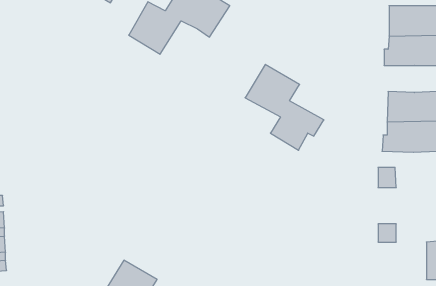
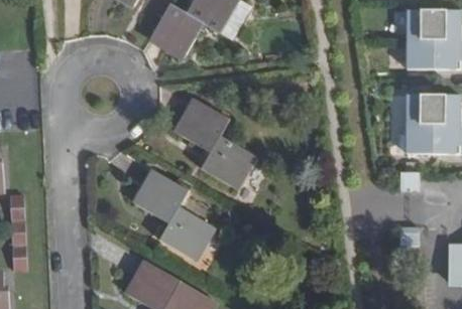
building: [245,64,324,150] -> [175,99,253,184]
building: none -> [134,169,211,256]

